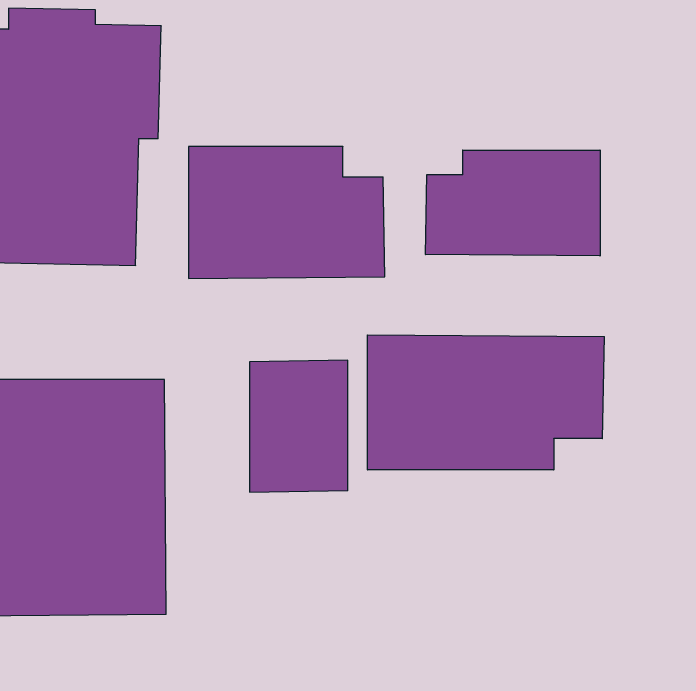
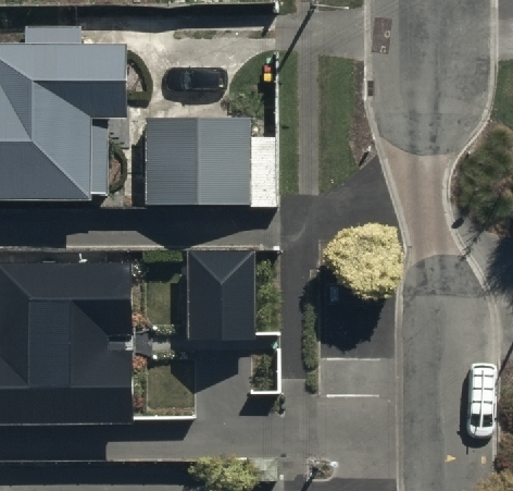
building: [426,150,600,256] -> none
building: [368,335,604,470] -> none

